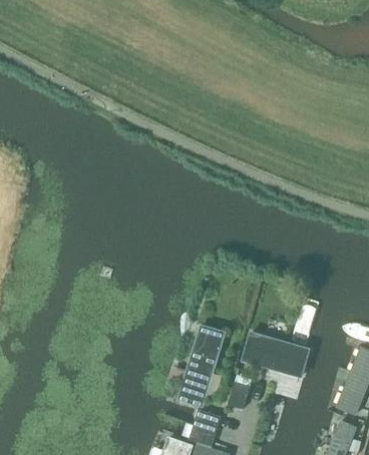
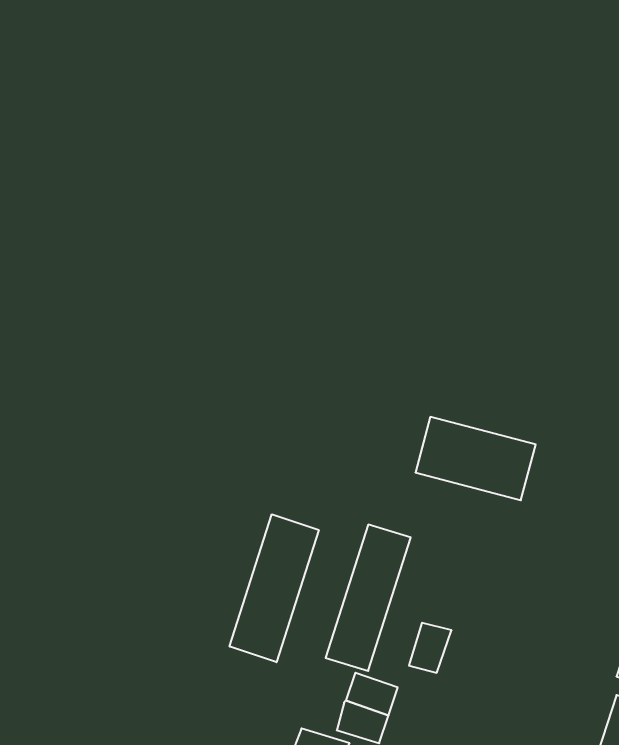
building: none -> [230,514,319,662]
building: [243,335,308,380] -> [415,417,536,500]

